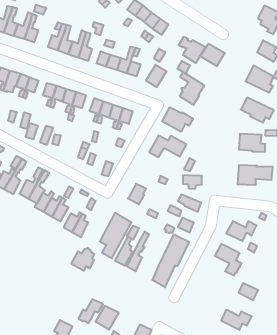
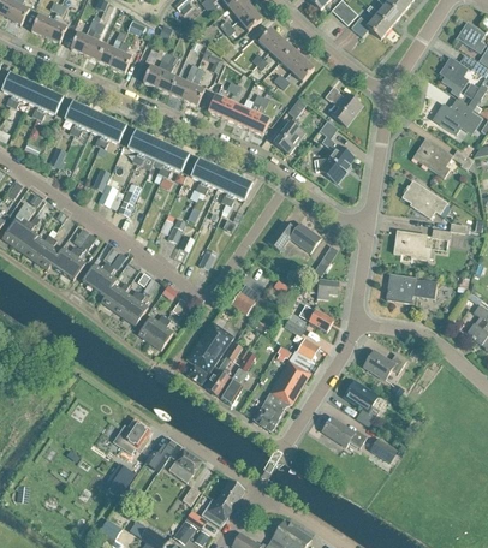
building: [200,44,225,66] -> none
building: [162,107,193,132] -> none
building: [71,248,94,271] -> [115,421,149,452]
building: [221,310,252,330] -> [322,416,365,446]

